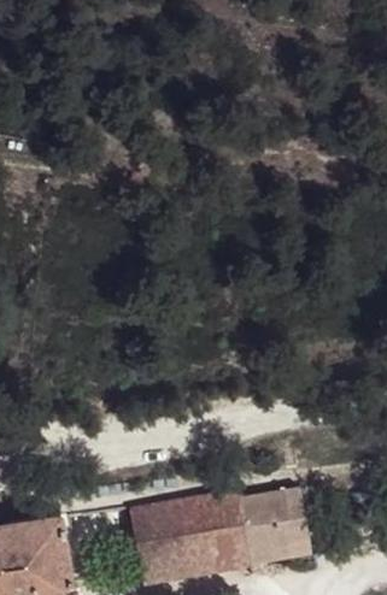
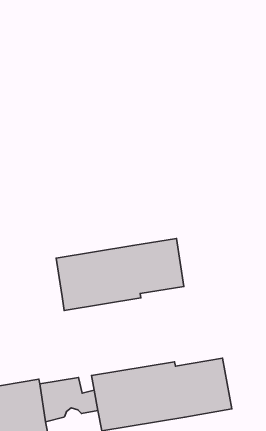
building: none -> [56,239,184,311]

